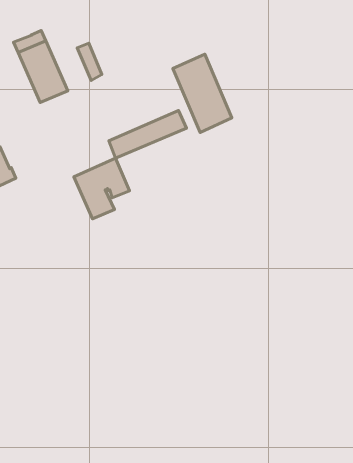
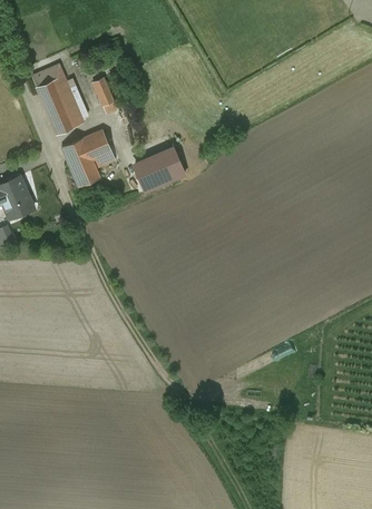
building: [173,54,232,132] -> none
building: [74,158,130,219] -> [62,128,116,186]

